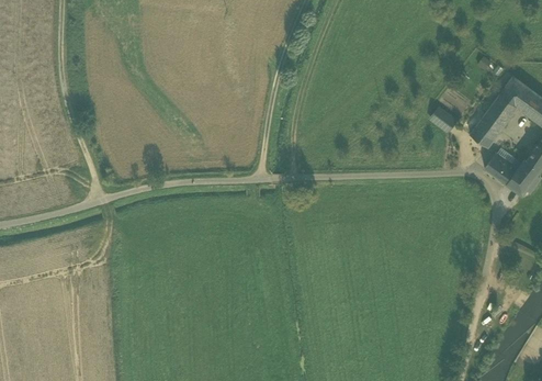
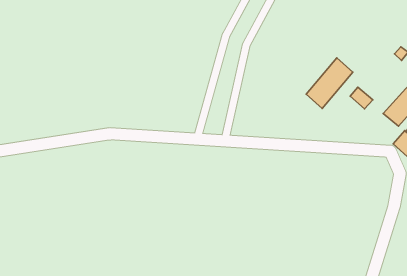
building: none -> [306,58,353,108]

